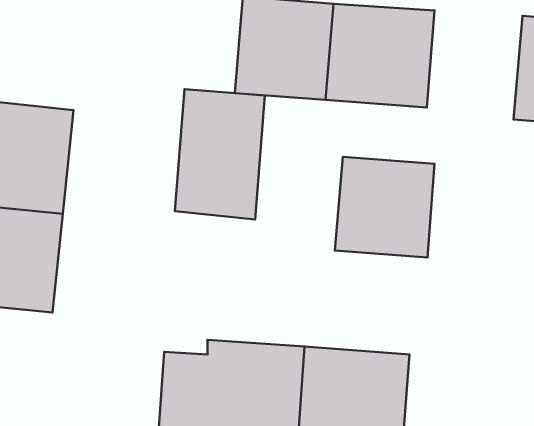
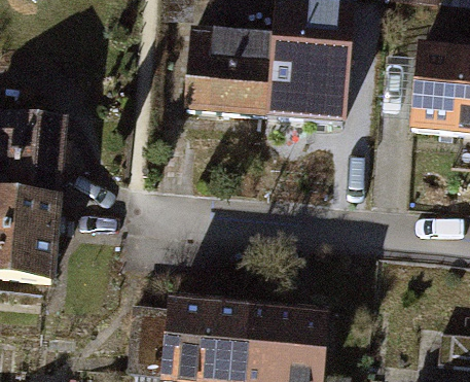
building: [175,89,265,219] -> none
building: [335,157,434,258] -> none

